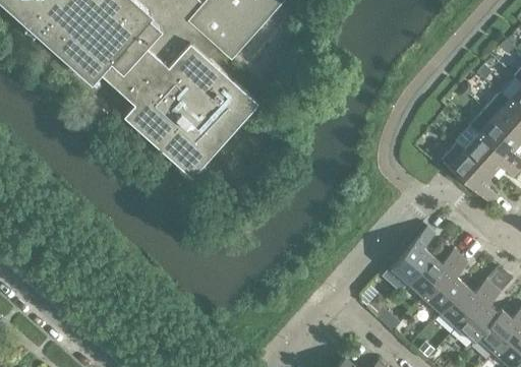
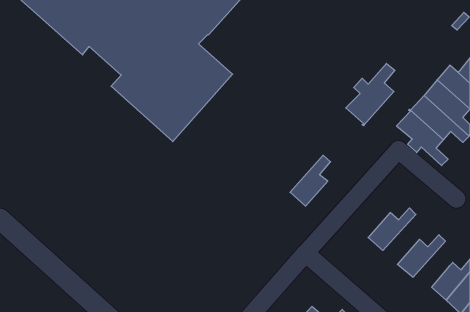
building: none -> [346,63,395,126]
building: [390,228,435,284] -> [290,155,331,206]
building: [423,258,467,313] -> none
building: [457,288,500,343] -> none

